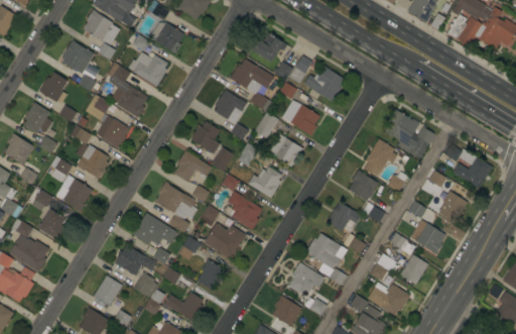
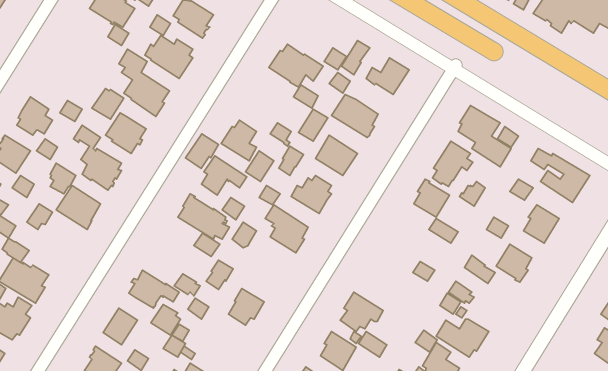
building: [252,32,287,62] -> none
building: [61,39,99,91] -> none
building: [38,72,68,104] -> none
building: [215,89,247,123] -> none
building: none -> [186,134,219,169]
building: [329,202,361,230] -> none
building: [38,209,67,241] -> none
building: [132,213,176,244] -> none
building: [204,223,247,260] -> none
building: [305,233,347,285] -> none
building: [399,254,428,285] -> none
building: [164,292,203,322] -> none

